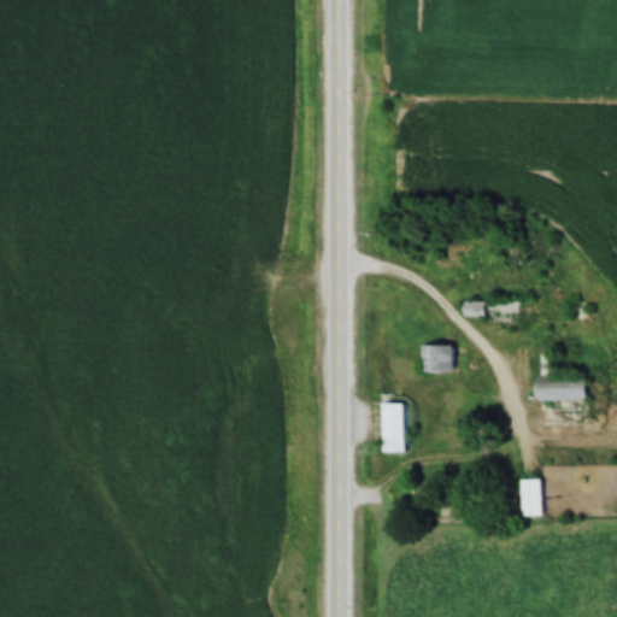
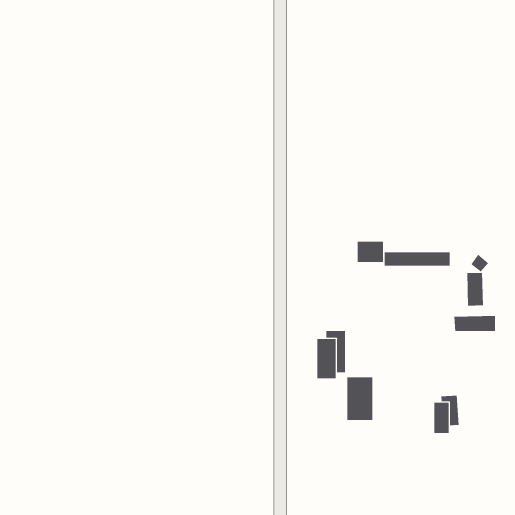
building: none -> [467,272,483,306]
building: [417,348,449,374] -> [357,241,384,262]
building: none -> [347,377,373,421]

